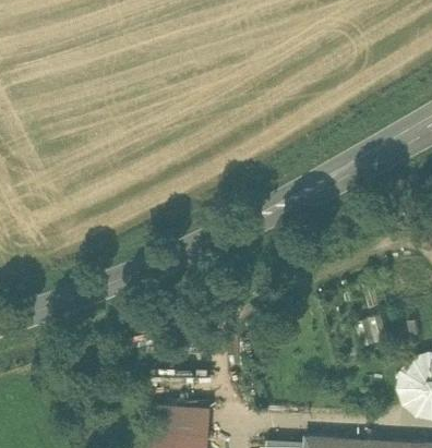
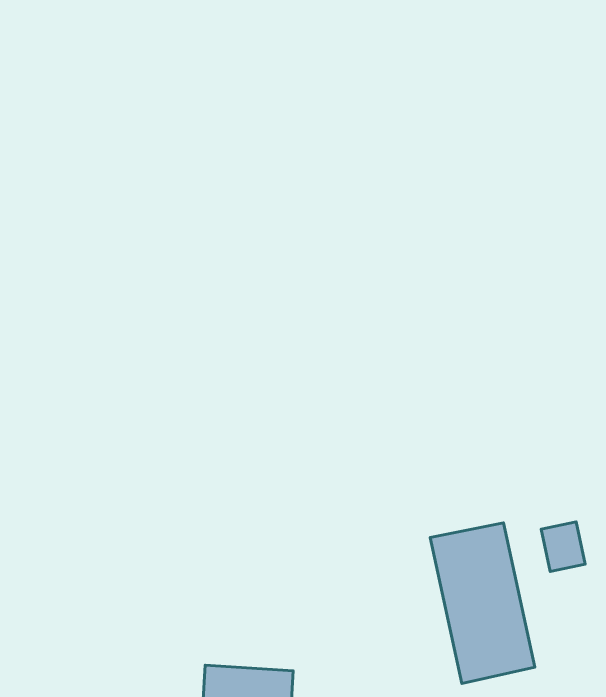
building: none -> [430,523,535,684]

